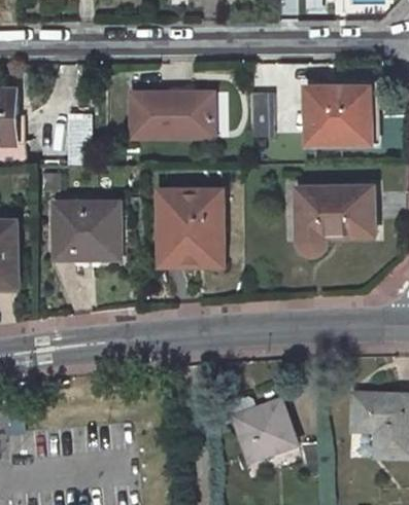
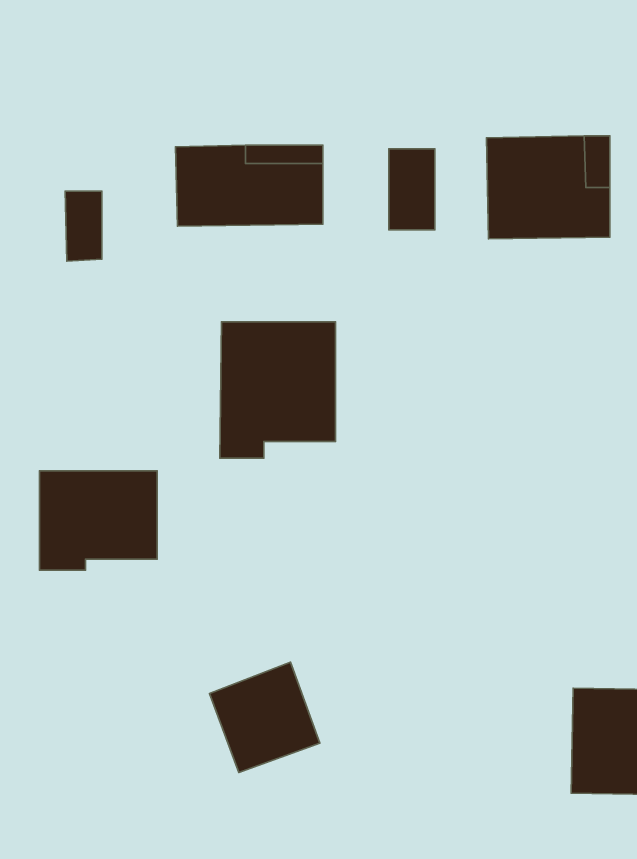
building: [297,187,374,255] -> none
building: [56,202,122,257] -> [40,471,157,570]
building: [233,399,295,461] -> [209,662,320,773]

